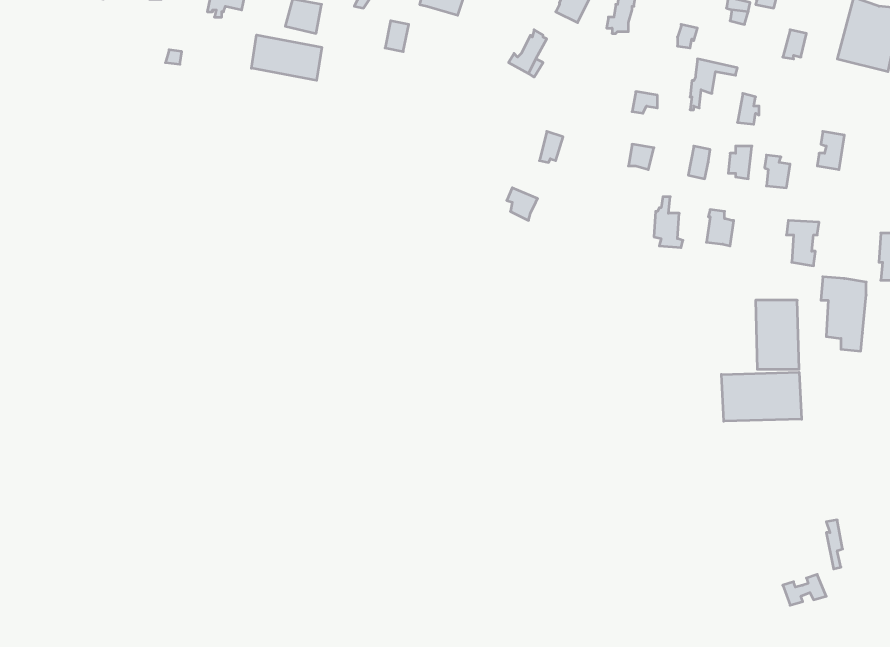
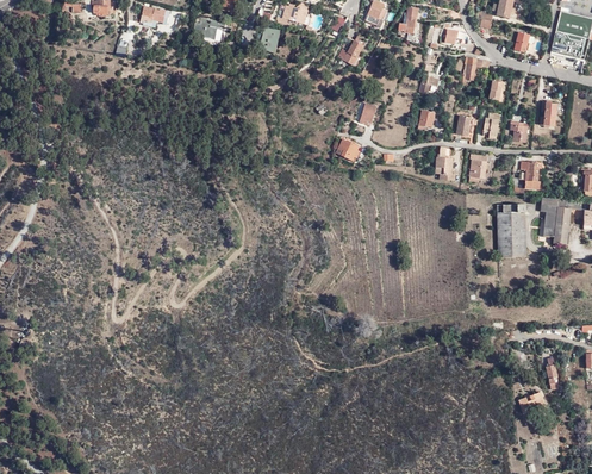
building: [251,35,322,80] -> none
building: [721,372,802,421] -> none

